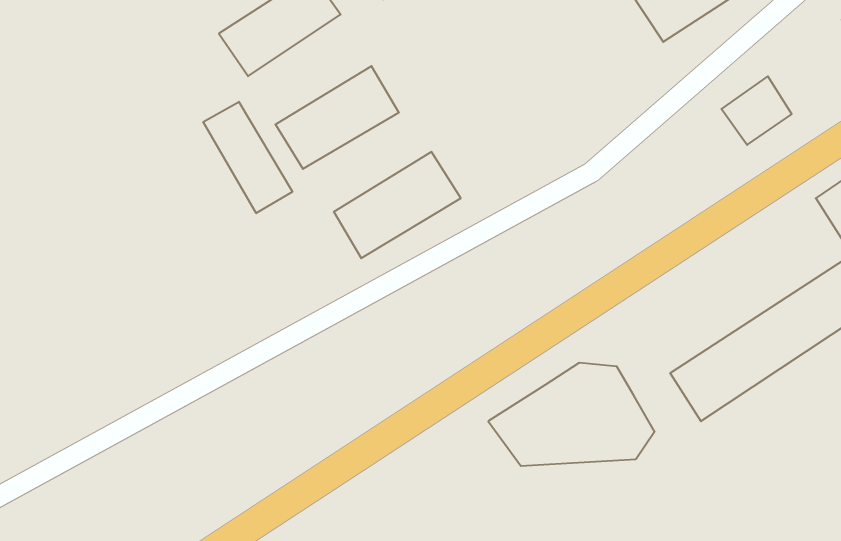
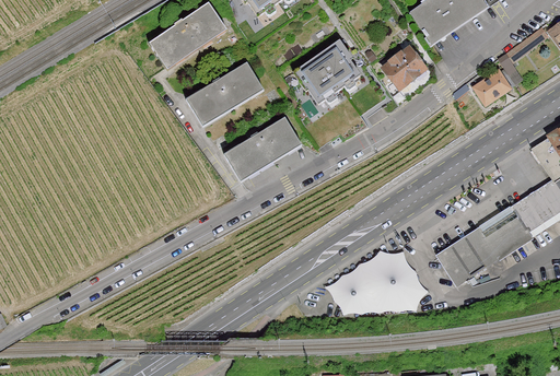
building: none -> [293,42,358,104]
building: none -> [381,44,431,95]
building: [203,102,292,213] -> none

